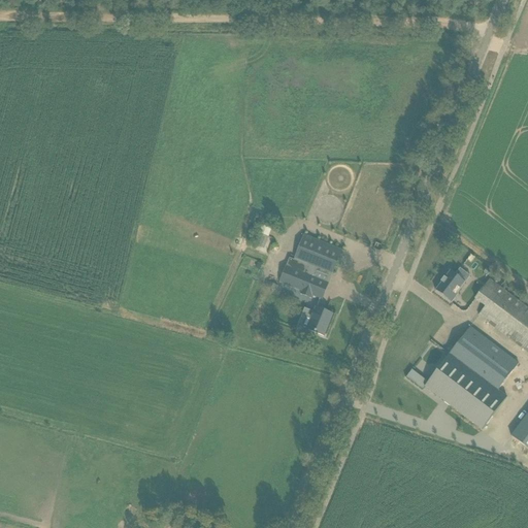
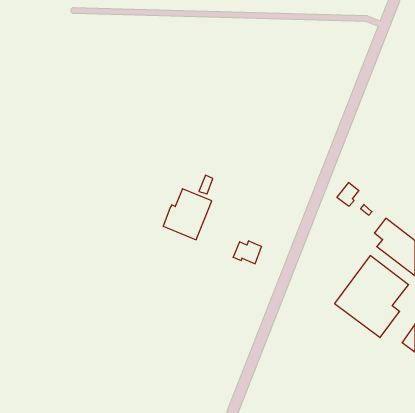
building: [279,233,341,298] -> [163,189,212,240]
building: [435,270,463,300] -> [337,183,359,206]

